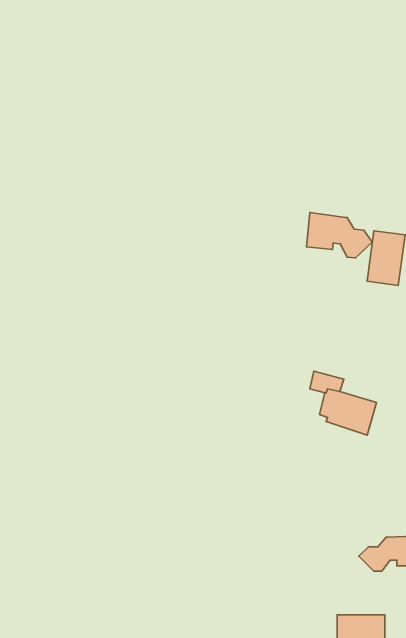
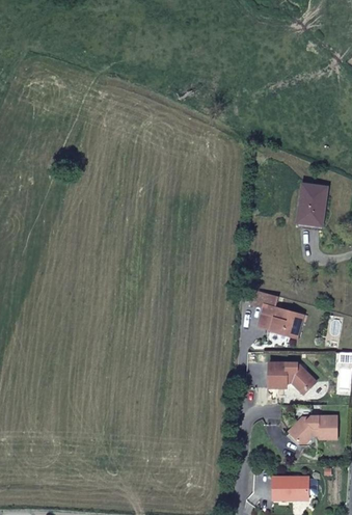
building: [306,213,372,258] -> none
building: none -> [269,361,317,390]

